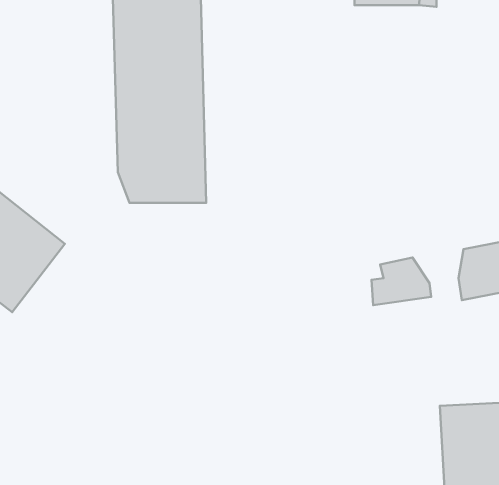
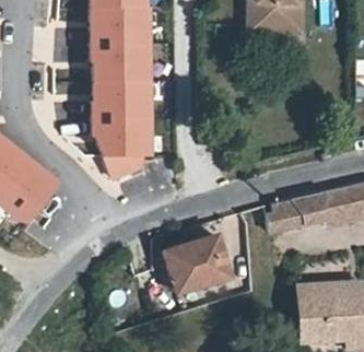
building: none -> [171,240,228,293]

